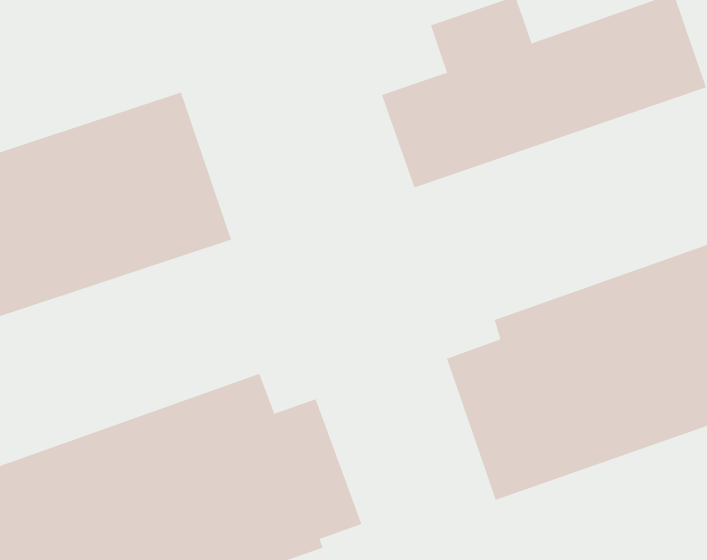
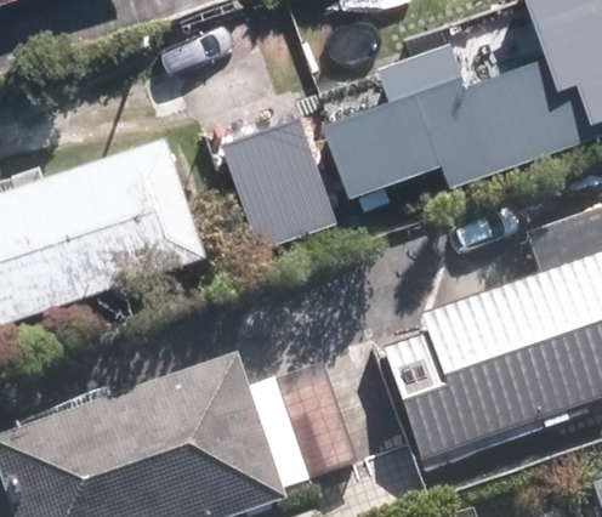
building: none -> [222,117,334,245]

